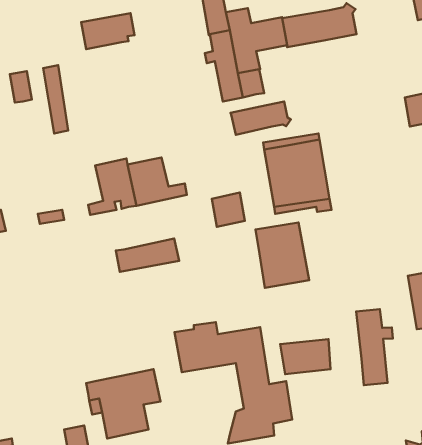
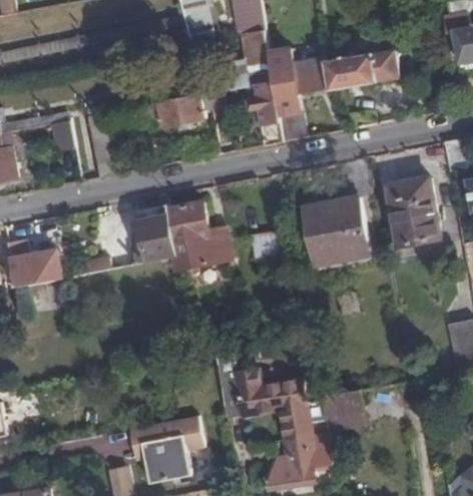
building: [81,13,135,49] -> [155,89,208,125]
building: [231,102,291,135] -> none
building: none -> [390,176,441,245]
building: [255,223,309,288] -> none
building: [116,239,179,272] -> [169,239,232,273]
building: [356,309,393,385] -> none

